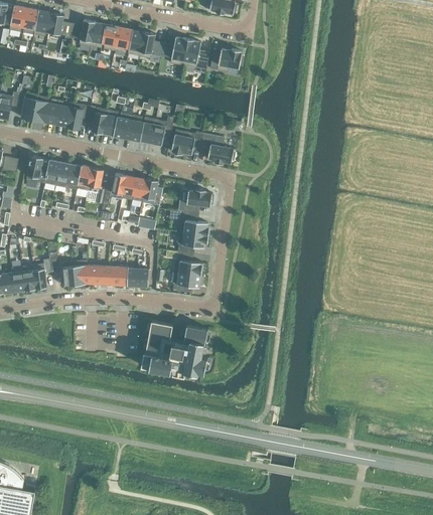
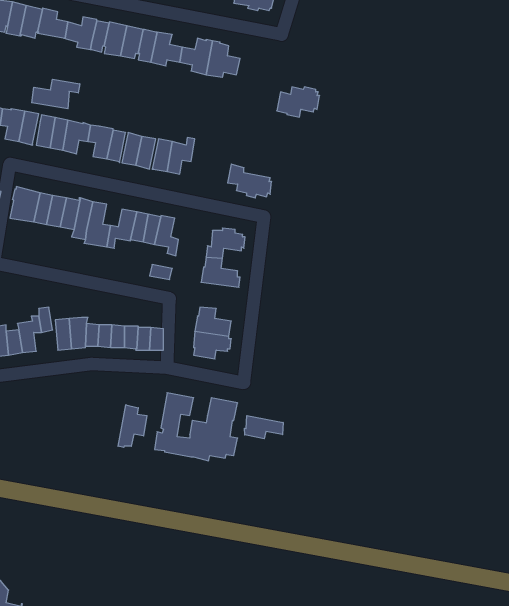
building: [208,49,243,73] -> [277,87,320,117]
building: none -> [32,79,80,109]
building: [171,132,203,155] -> none
building: [177,232,208,253] -> none
building: none -> [118,405,147,447]
building: none -> [245,416,283,439]

